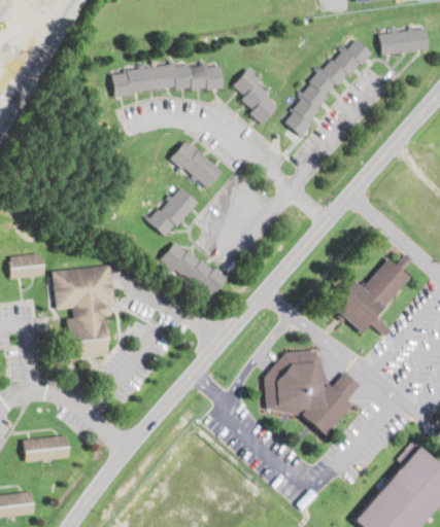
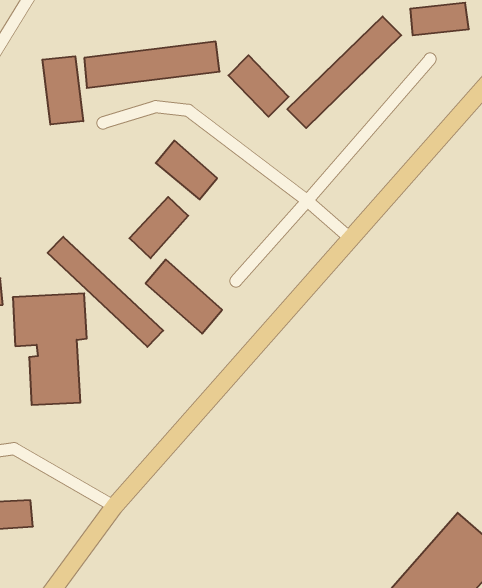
building: none -> [42,56,83,125]
building: none -> [48,237,163,347]
building: [335,260,413,333] -> none
building: [265,351,360,436] -> none

